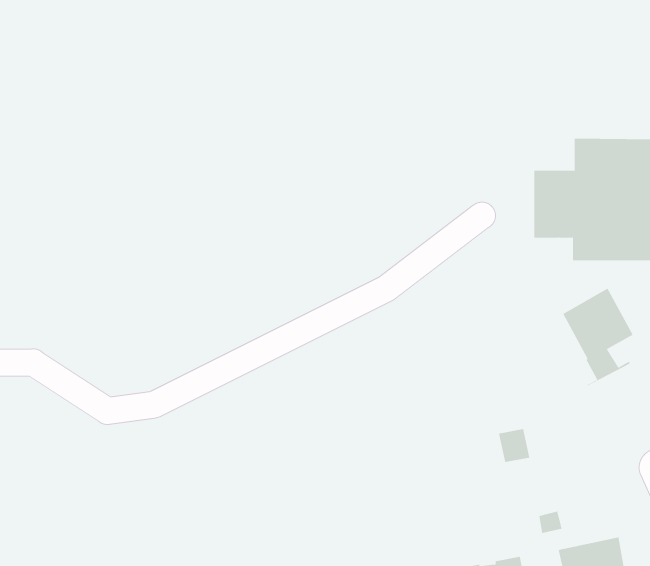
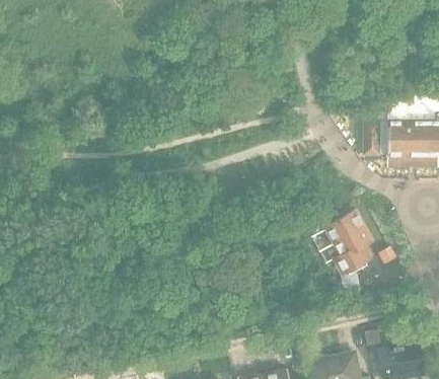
building: [562,288,633,386] -> [327,213,372,275]

